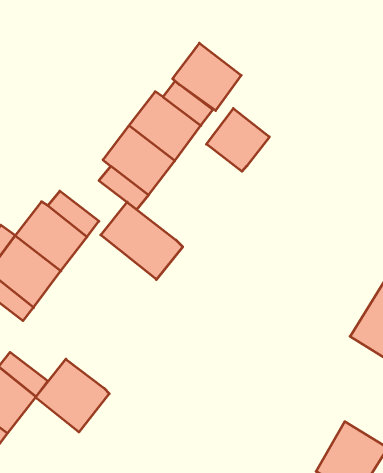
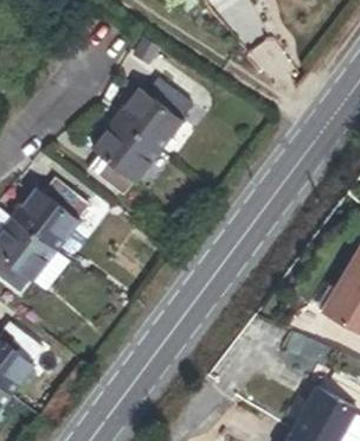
building: [173,43,241,111] -> none
building: [206,108,269,171] -> none
building: [101,202,183,280] -> none
building: [35,359,109,432] -> none

